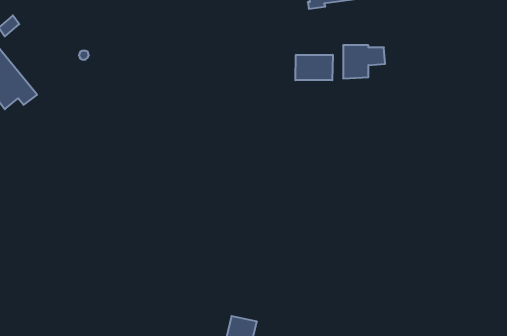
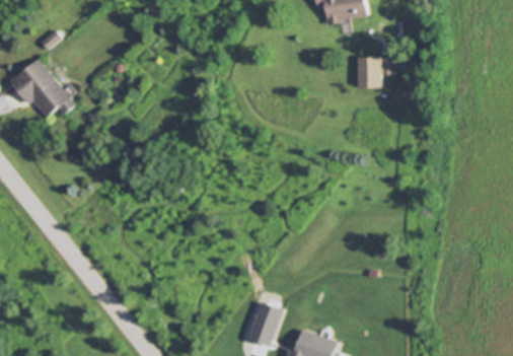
building: [295,55,333,80] -> none

